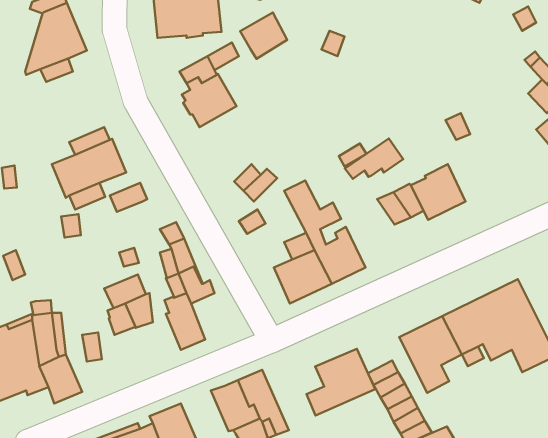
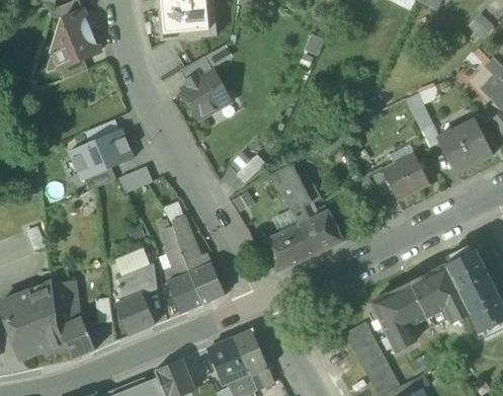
building: [240,13,287,59] -> none
building: none -> [437,118,492,172]
building: [345,139,403,179] -> none
building: none -> [190,262,224,303]
building: none -> [114,292,155,334]
building: [307,349,375,415] -> none

